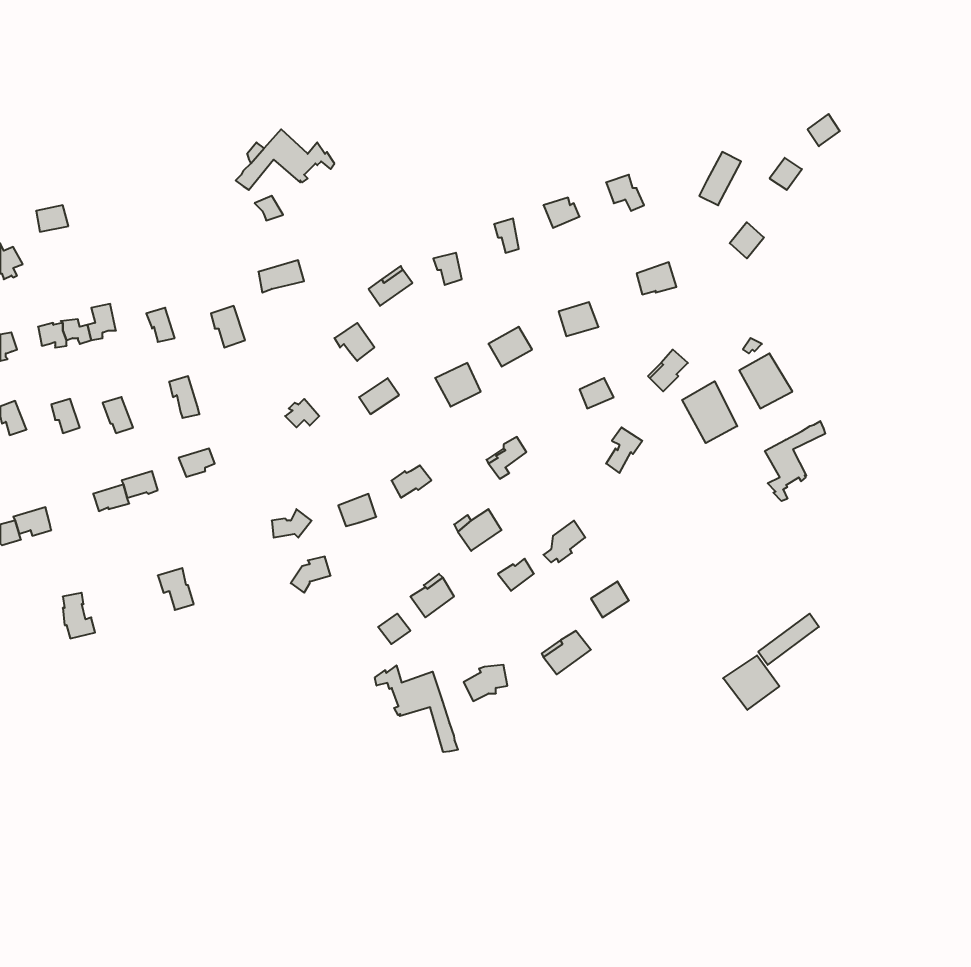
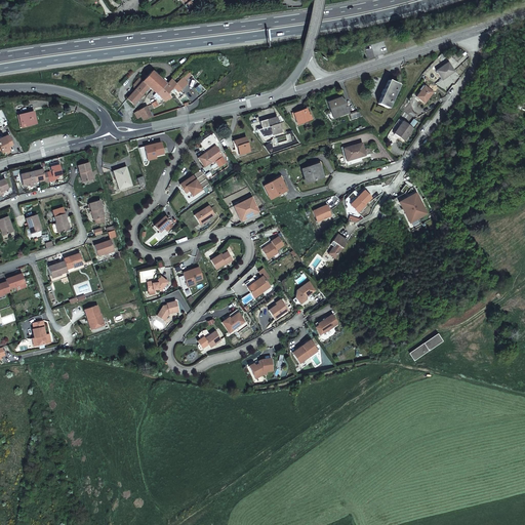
building: [682,381,737,443] -> none
building: [765,421,825,501] -> none
building: [723,655,779,710] -> none
building: [375,665,458,752] -> none

